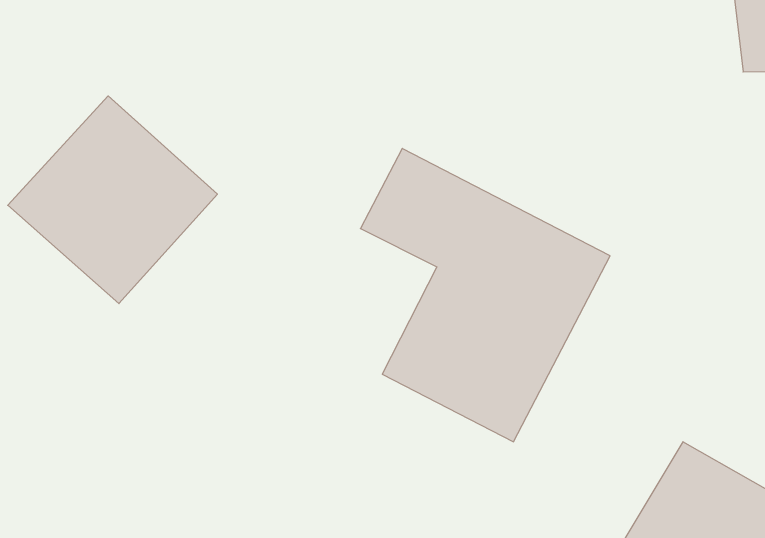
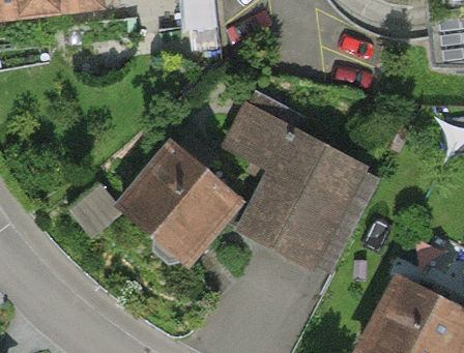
building: [8,96,217,304] -> [119,148,238,266]

